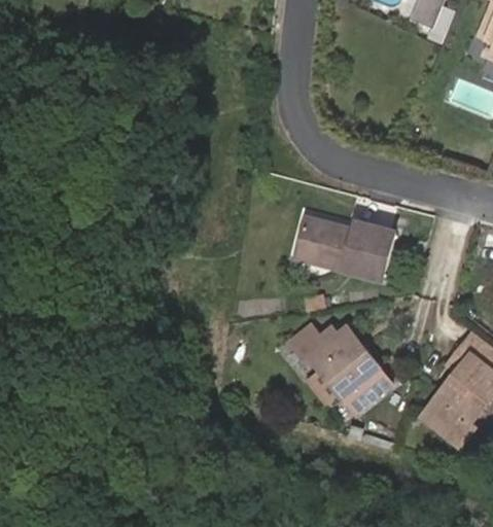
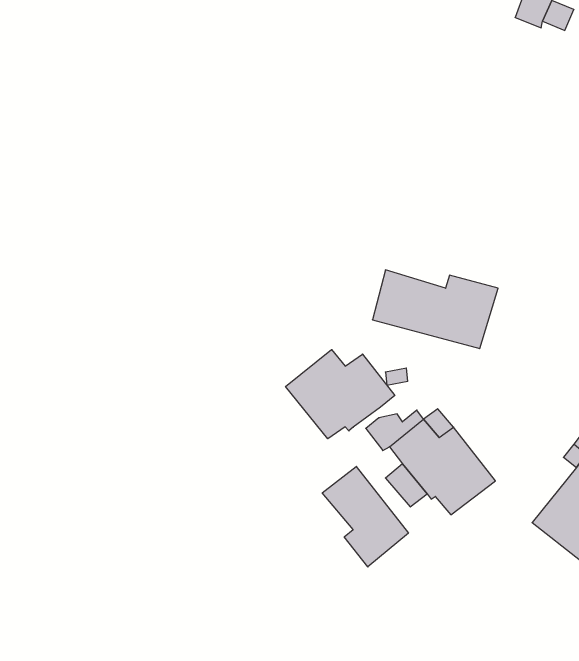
building: none -> [286,350,395,439]
building: none -> [322,466,408,567]

